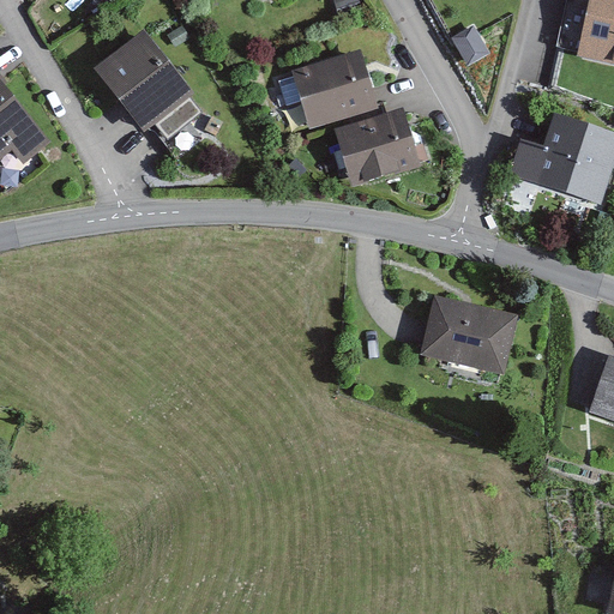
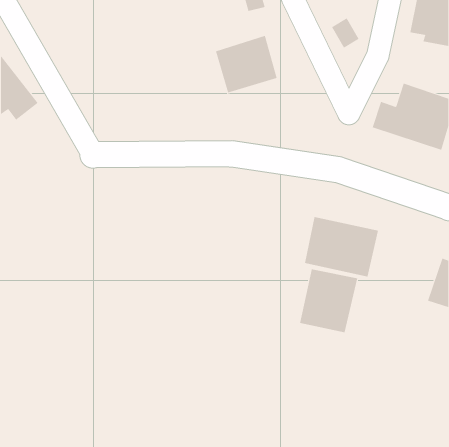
building: [94,28,203,132] -> none
building: [335,107,421,186] -> none
building: none -> [300,269,358,333]

